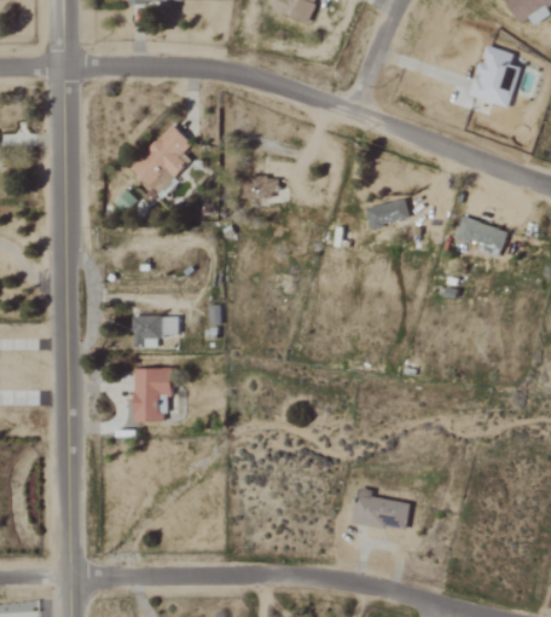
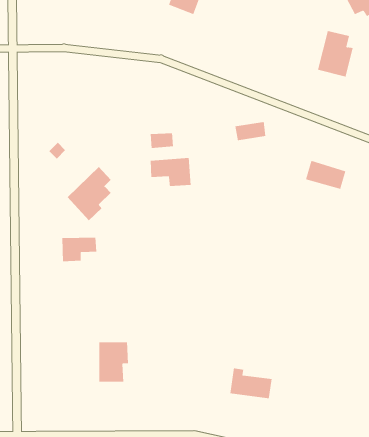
building: [132,126,191,198] -> [67,166,112,221]
building: [367,201,410,226] -> [234,121,266,141]
building: none -> [150,157,191,187]
building: [133,369,173,422] -> [99,342,129,382]

